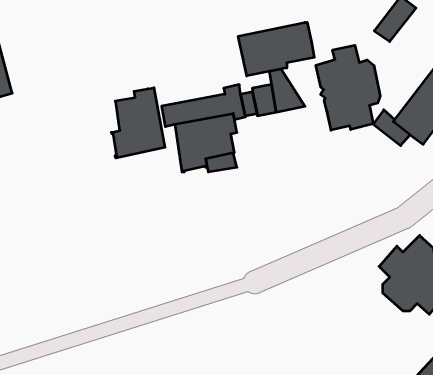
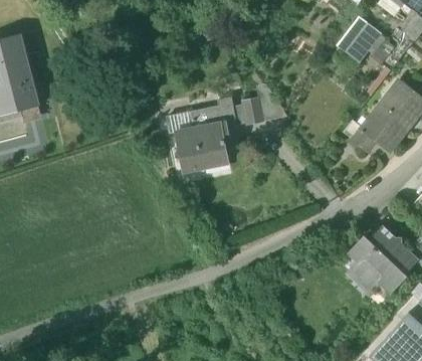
building: [238,22,314,76] -> none
building: [316,45,380,130] -> none
building: [111,88,165,158] -> none

